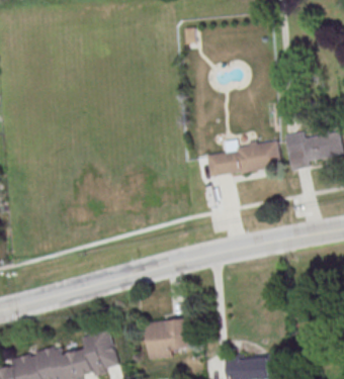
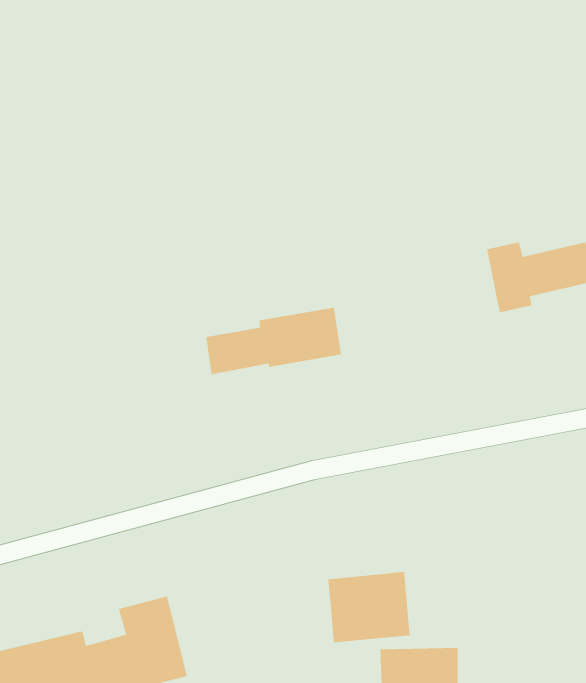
building: [206,141,281,179] -> [205,307,342,375]
building: [147,318,192,358] -> [327,571,410,643]

